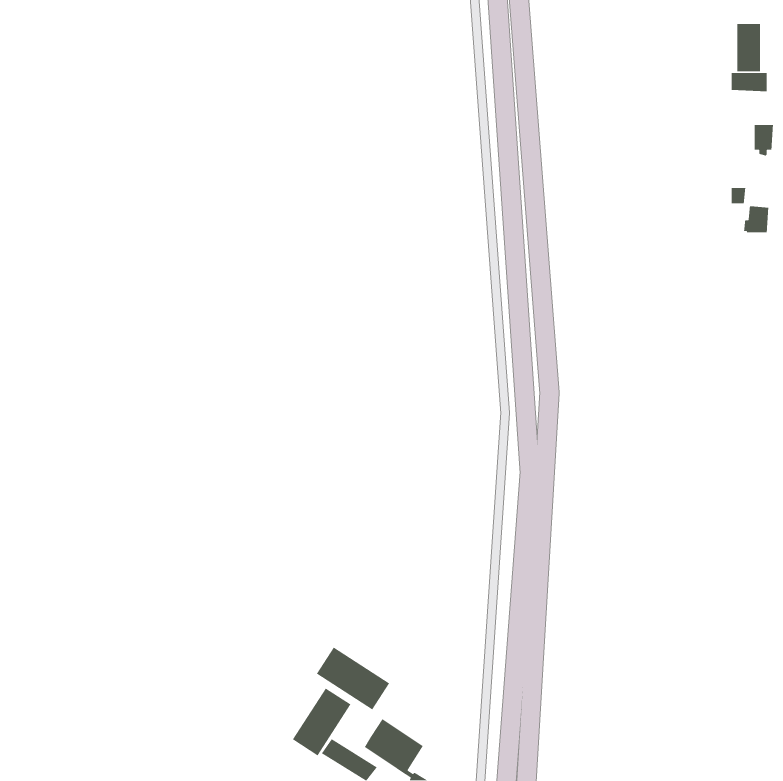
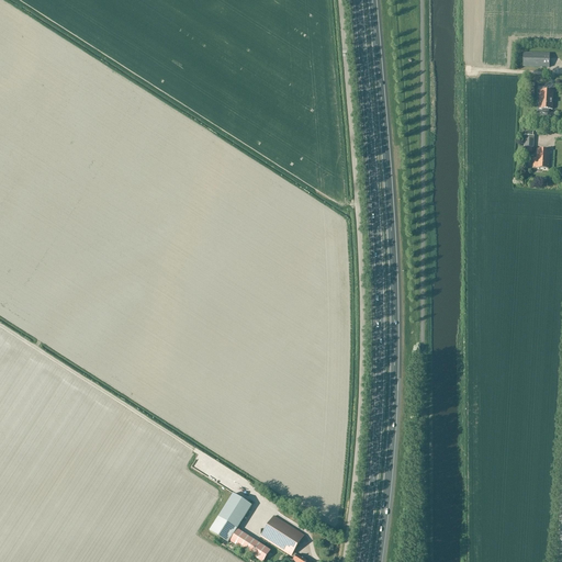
building: [737,23,761,72] -> none
building: [316,646,390,710] -> none

